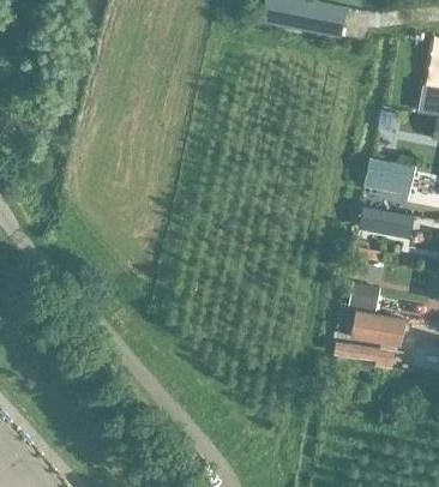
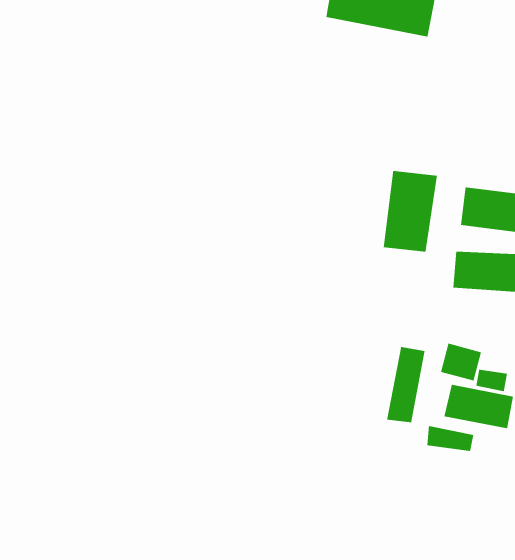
building: none -> [383,170,437,252]
building: none -> [387,346,425,423]

